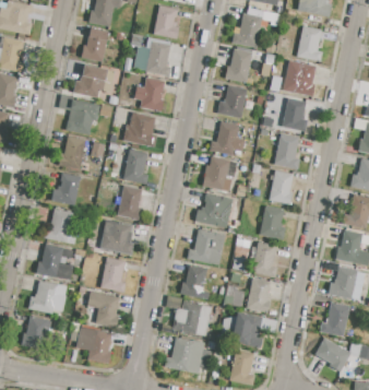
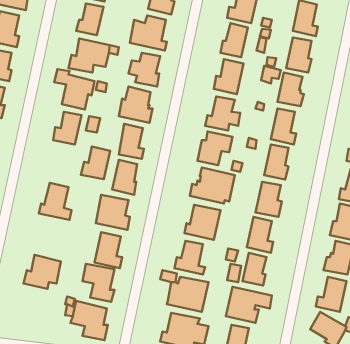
building: [51,173,81,205] -> [81,146,110,179]
building: [35,244,74,281] -> none
building: [21,316,52,350] -> none

